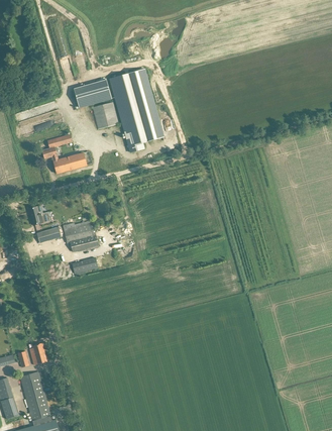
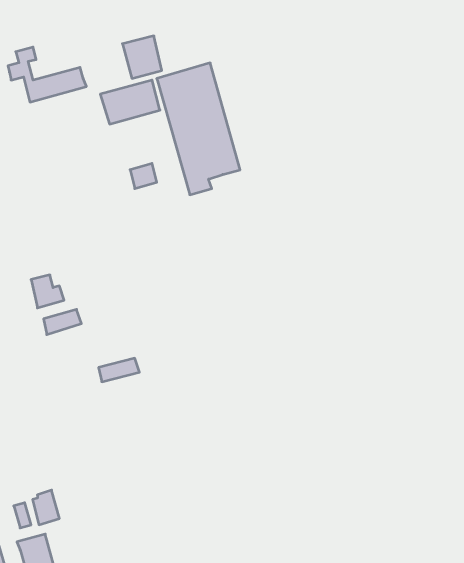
building: [92,102,117,129] -> [122,36,162,78]
building: [41,138,92,174] -> [8,47,86,102]
building: [62,222,98,252] -> none

